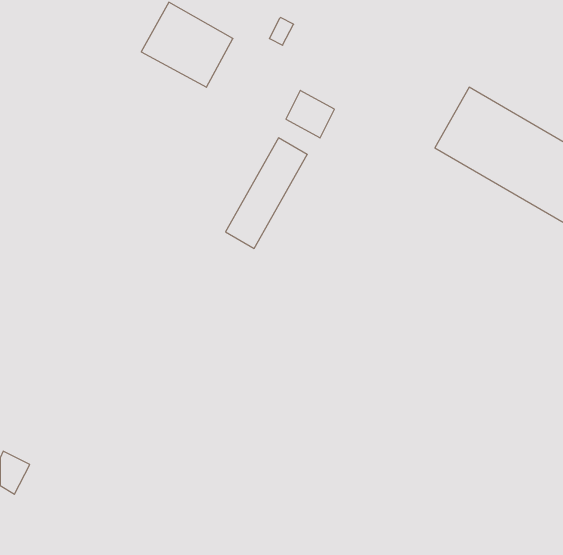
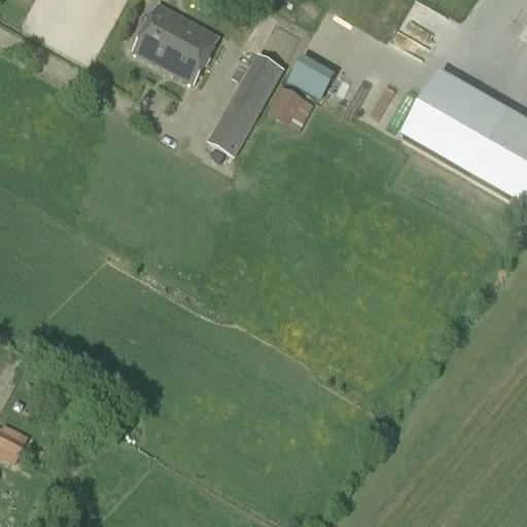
building: none -> [286,52,333,97]
building: [226,138,307,248] -> [208,51,284,154]

